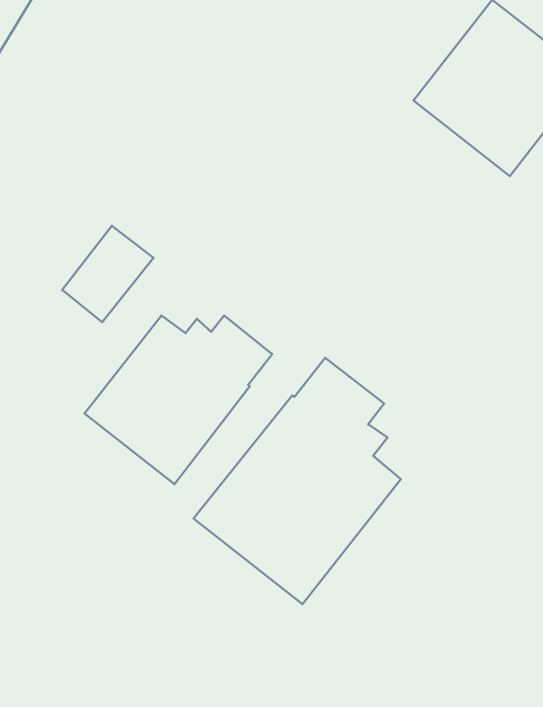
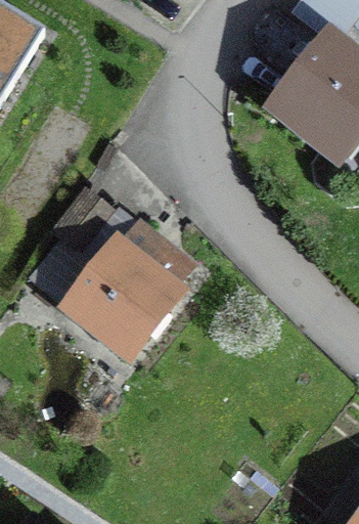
building: [194,358,401,604] -> none

